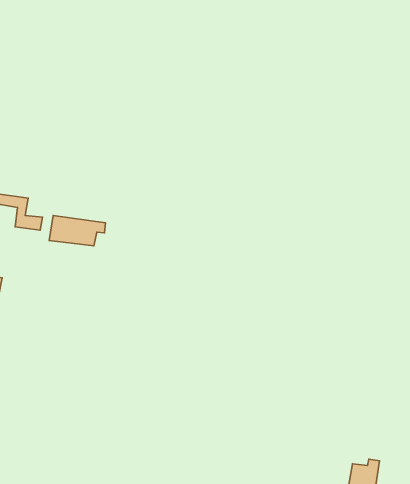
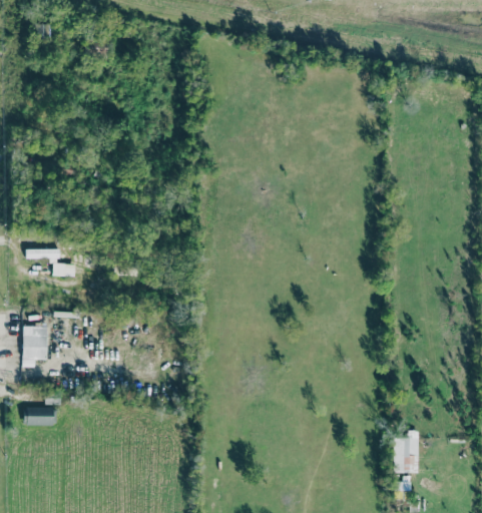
building: [49,215,106,246] -> none

